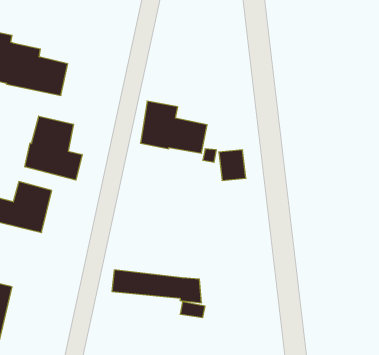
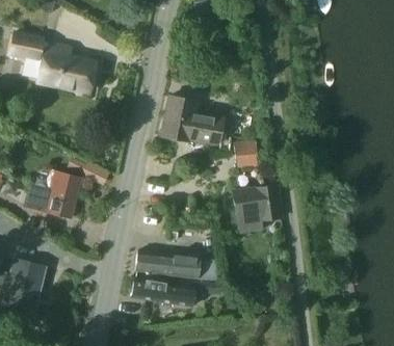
building: [25,116,82,180] -> none
building: none -> [233,185,281,231]
building: none -> [131,278,193,307]

